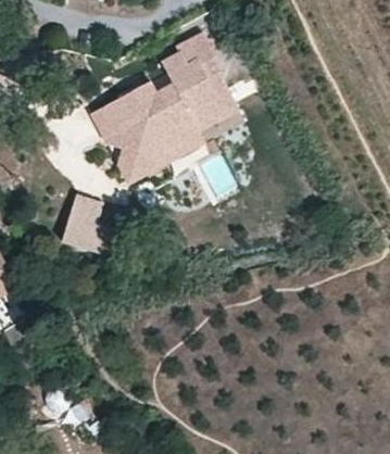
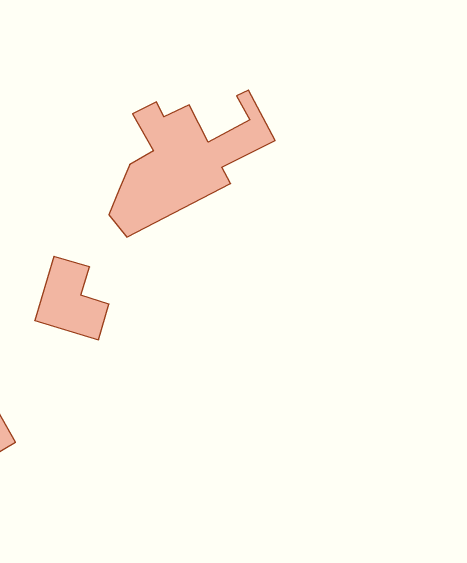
building: [163,34,224,112] -> none
building: [90,91,148,147] -> none

